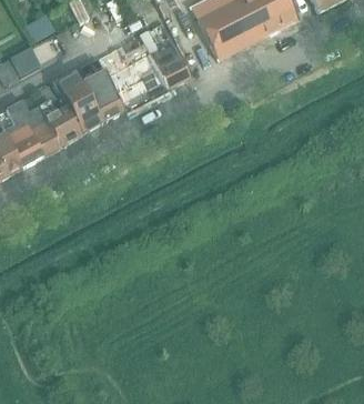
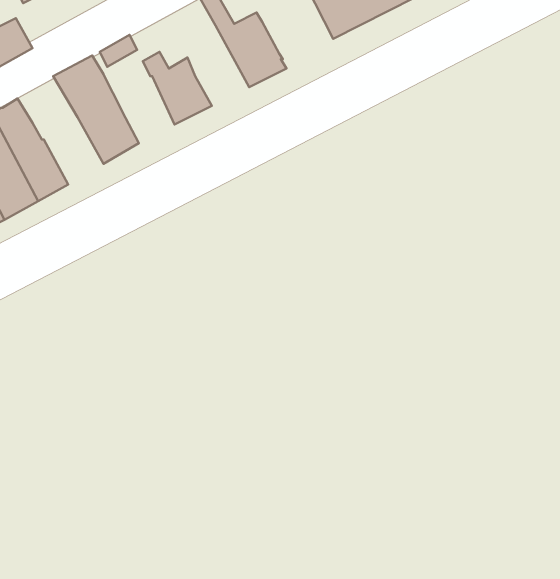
building: [127,52,168,100] -> none
building: [81,75,123,122] -> none
building: [30,85,81,147] -> none

